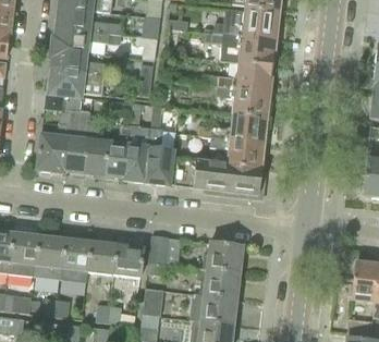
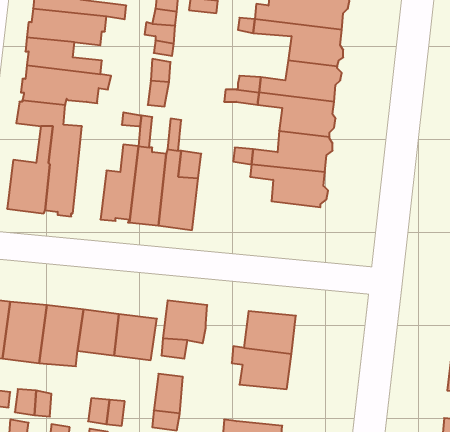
building: [84,120,108,176] -> none
building: [188,160,260,194] -> none
building: [188,292,236,323] -> none

